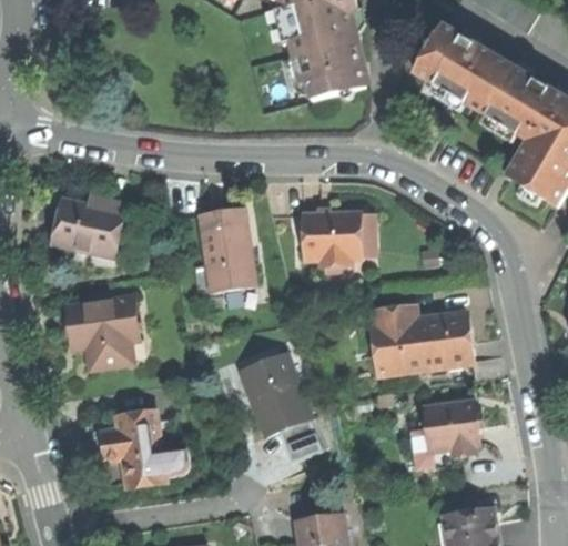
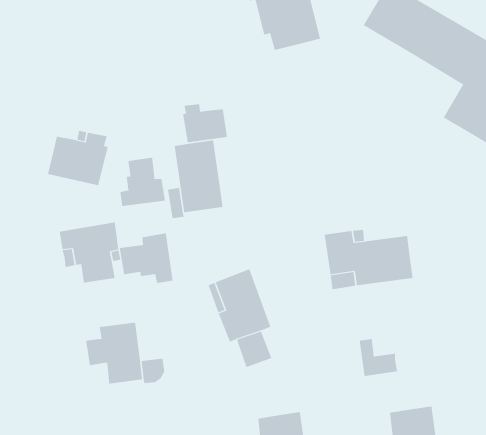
building: none -> [182,104,227,143]
building: [305,213,359,266] -> none
building: none -> [120,157,166,207]
building: none -> [119,233,173,284]
building: [423,402,478,453] -> none

